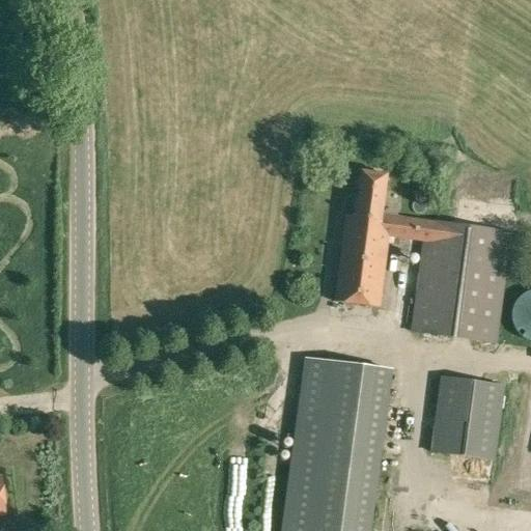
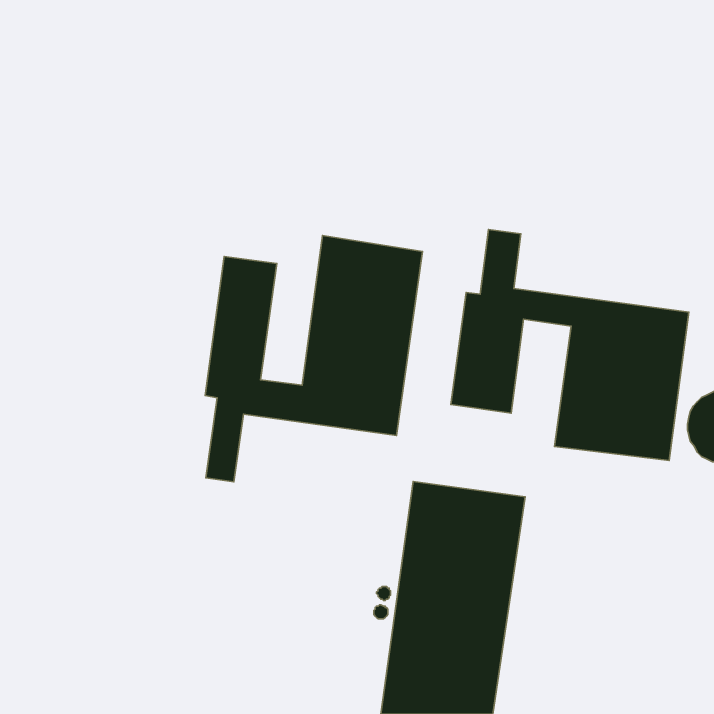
building: none -> [205,236,422,482]
building: [430,376,505,460] -> none

